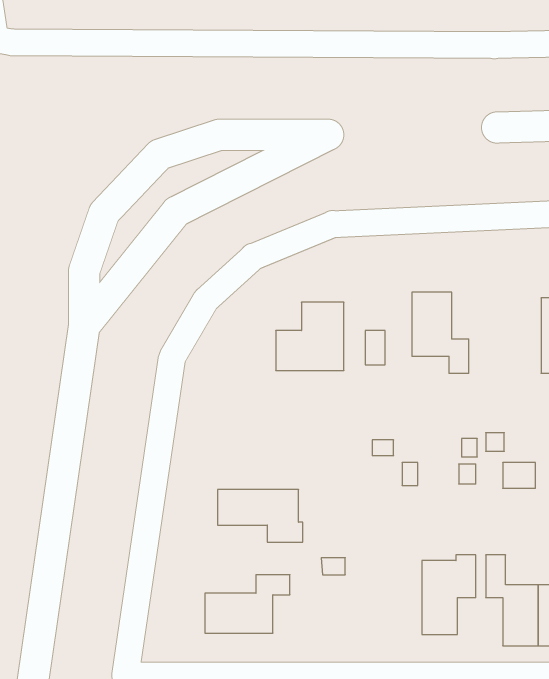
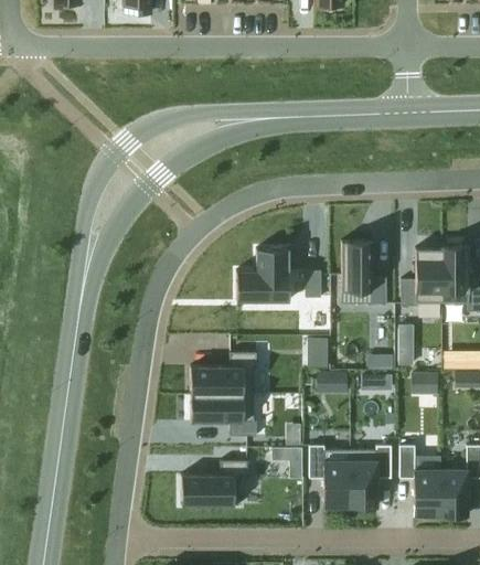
building: none -> [403,246,444,307]
building: none -> [192,352,257,395]
building: none -> [310,446,351,508]

